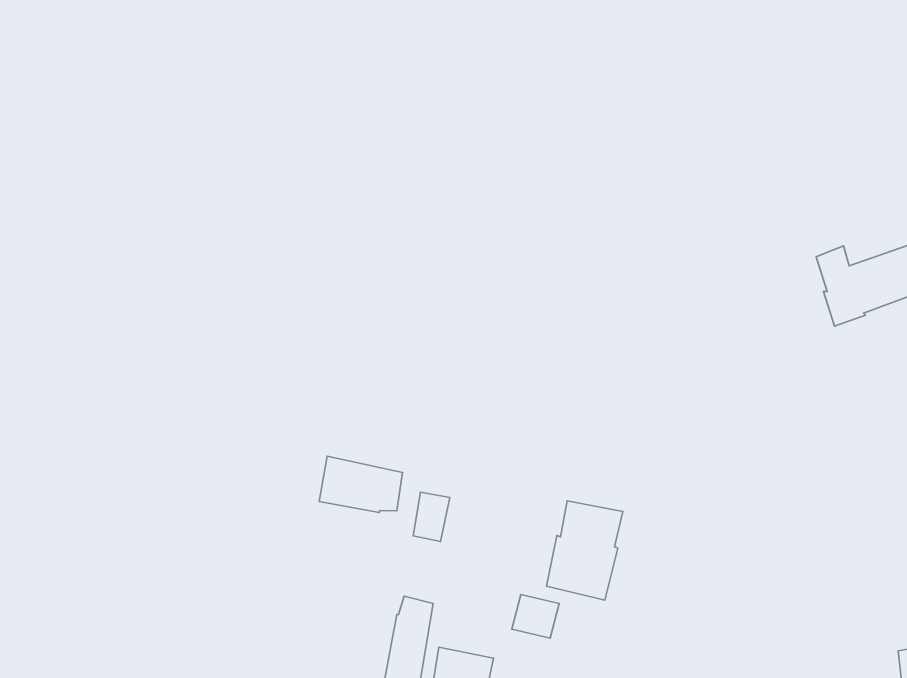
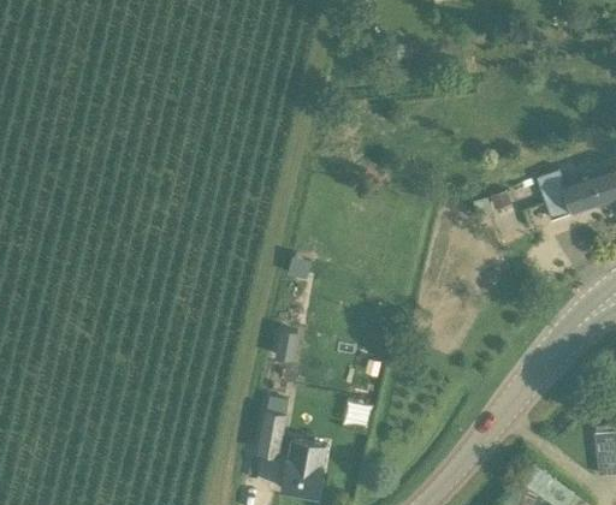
building: [319,456,403,513] -> none
building: [546,501,623,600] -> none

